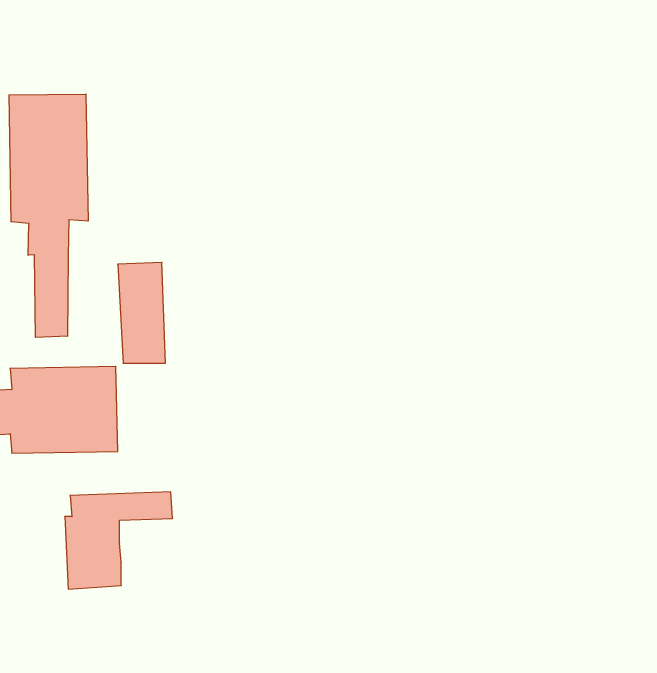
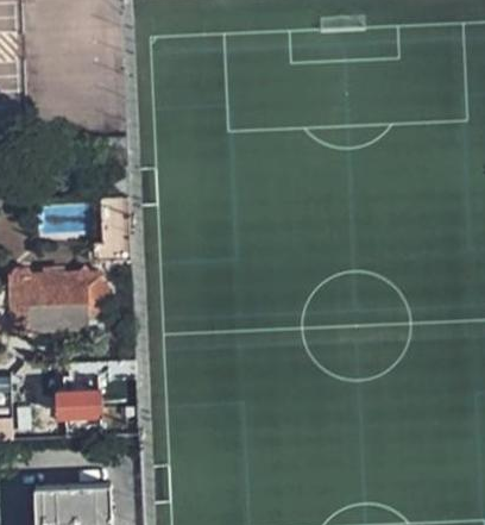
building: [9,94,88,337] -> none

